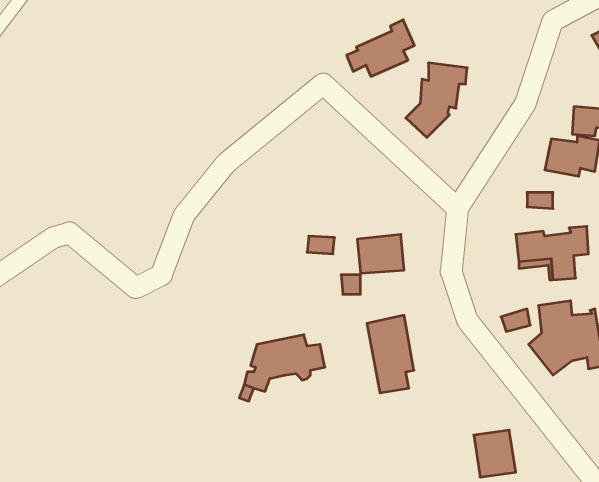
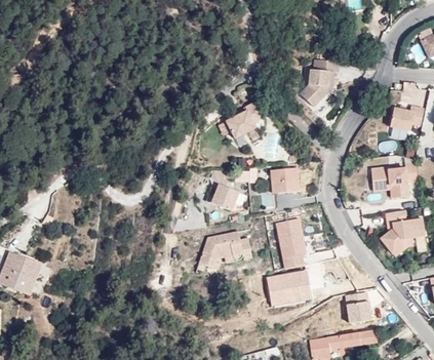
building: [347,20,414,76] -> [218,103,261,138]
building: none -> [210,184,238,210]
building: none -> [265,270,311,307]

